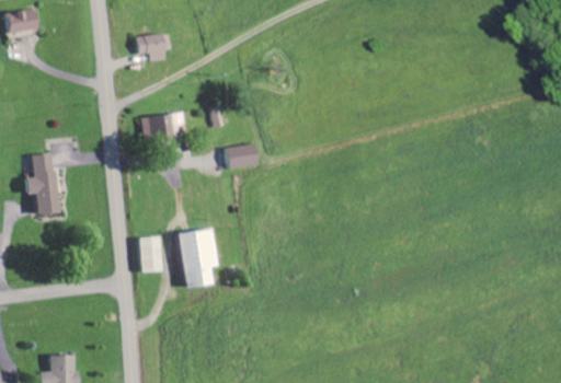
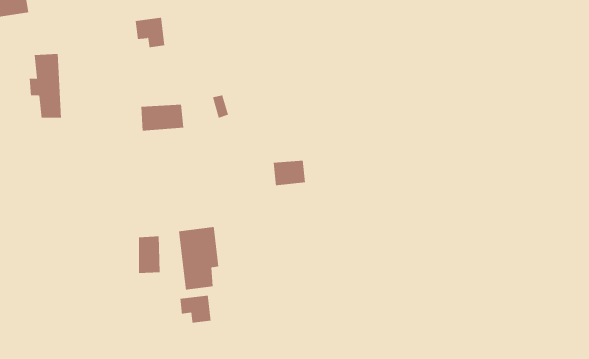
building: [226,144,256,169] -> [273,160,306,186]
building: [30,153,60,213] -> [29,54,62,118]
building: none -> [180,295,211,324]

